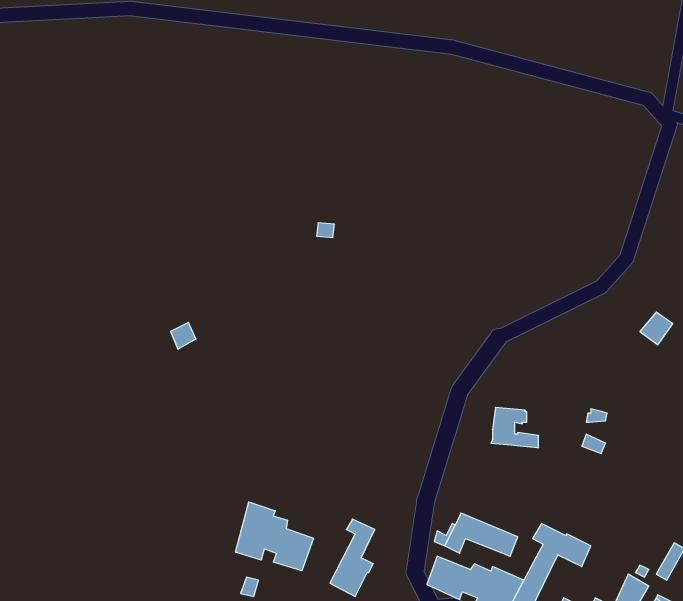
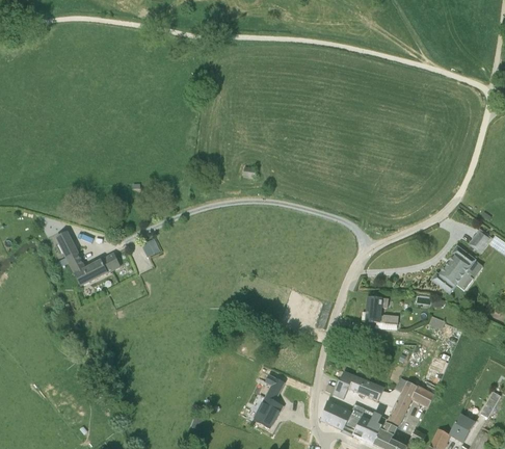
building: none -> [54,232,119,285]
building: none -> [431,247,482,294]
building: [236,502,314,571] -> none

